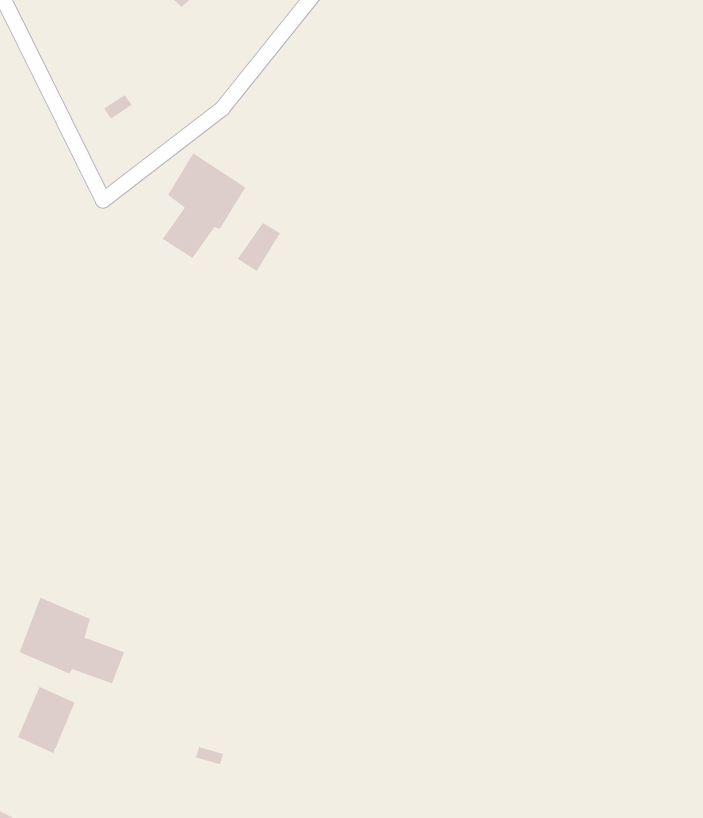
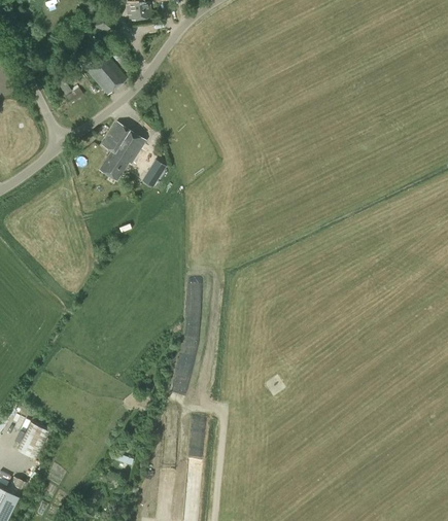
building: none -> [84,54,126,95]
building: [19,597,125,684] -> none

